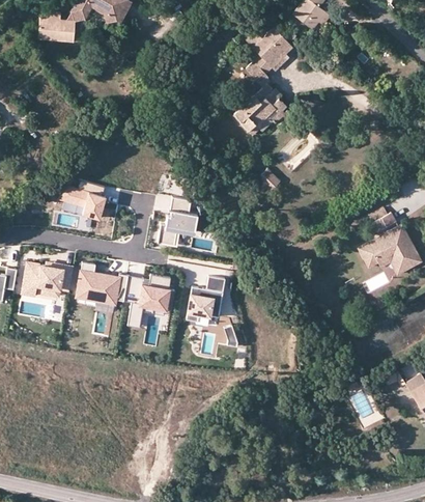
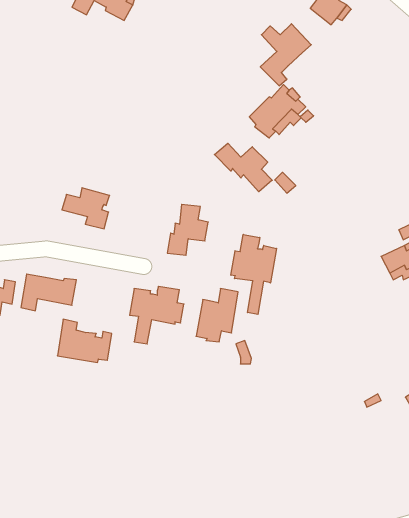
building: [37,11,75,43] -> none
building: none -> [214,143,272,192]
building: none -> [231,234,277,314]
building: [77,263,128,304] -> [57,319,112,362]

